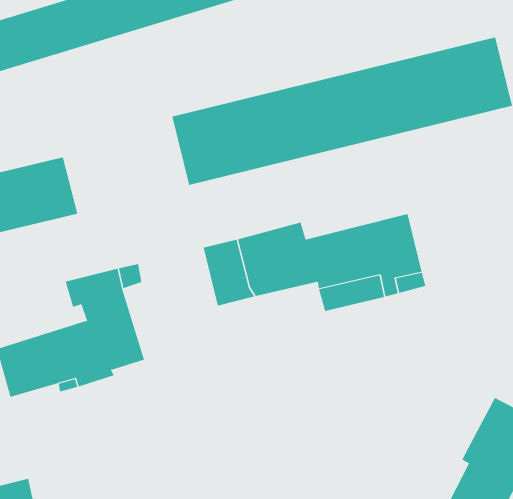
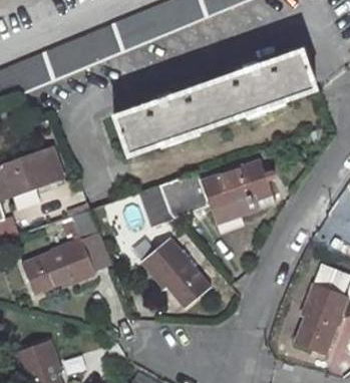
building: none -> [142,237,211,305]

